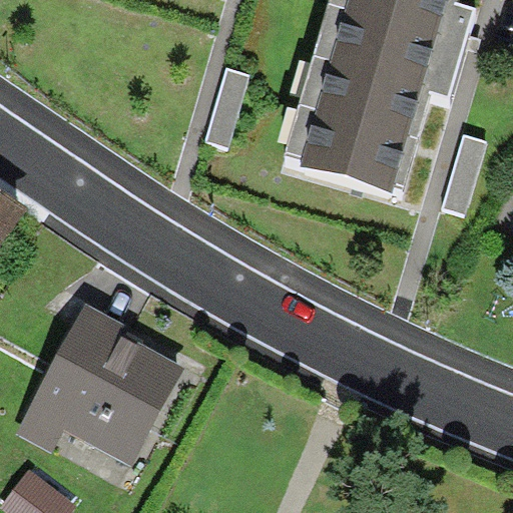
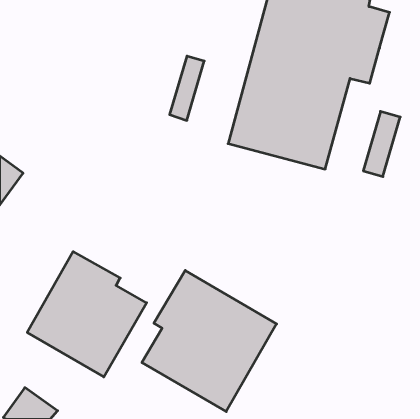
building: none -> [142,270,277,412]

